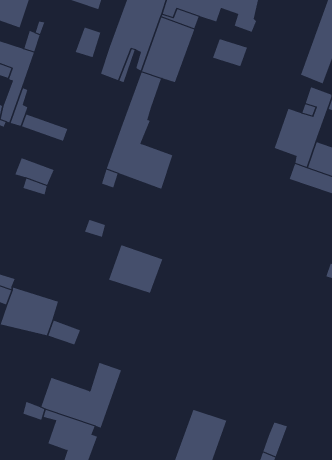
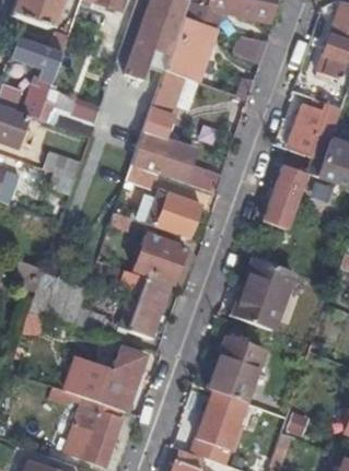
building: none -> [264,164,305,235]
building: none -> [148,189,201,237]
building: none -> [234,258,292,330]
building: none -> [119,268,171,339]
building: none -> [207,337,266,403]

